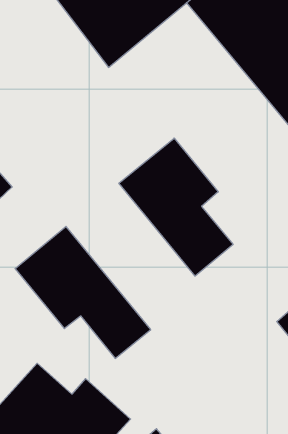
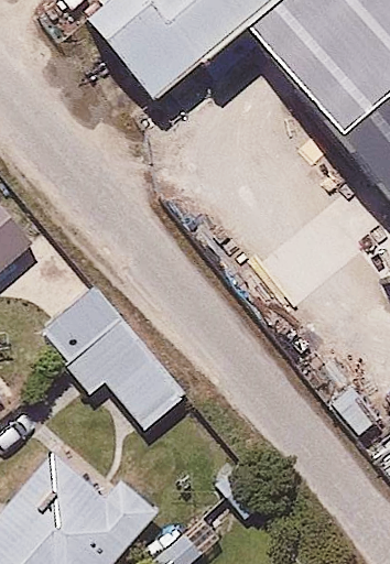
building: [119,138,233,276] -> none

